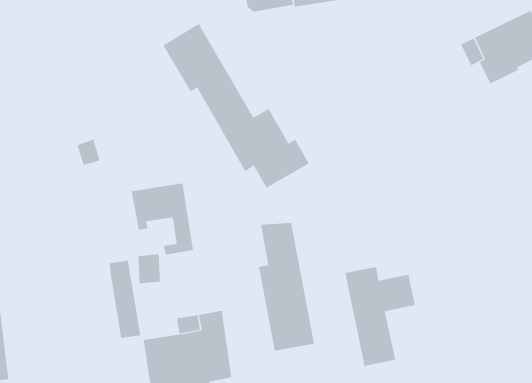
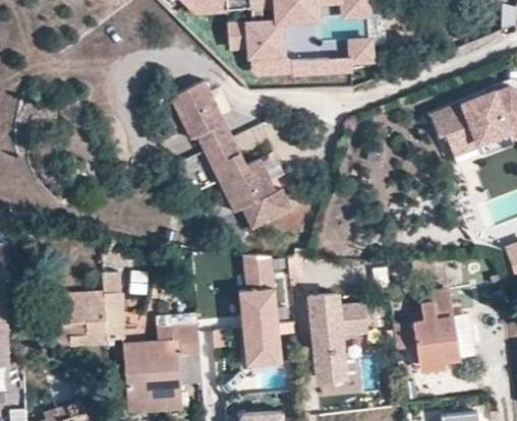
building: [131,183,194,255] -> [61,286,111,347]
building: none -> [394,288,465,371]

